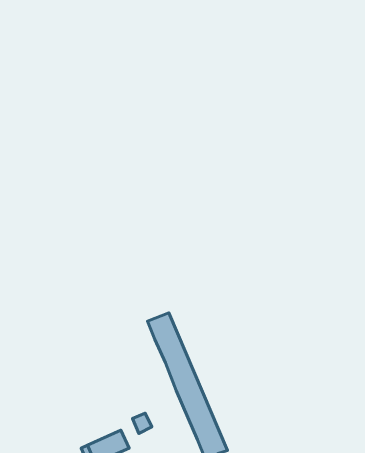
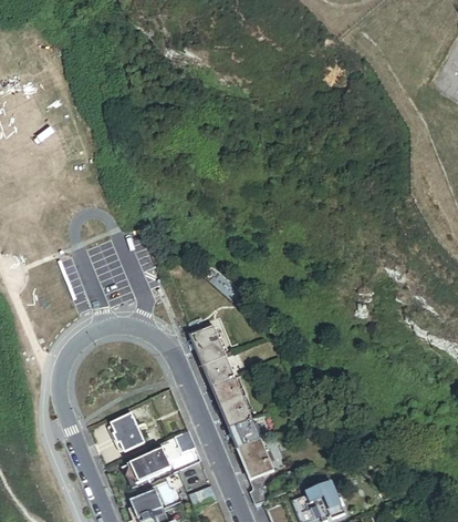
building: none -> [113,413,146,449]

